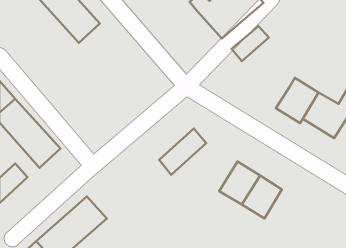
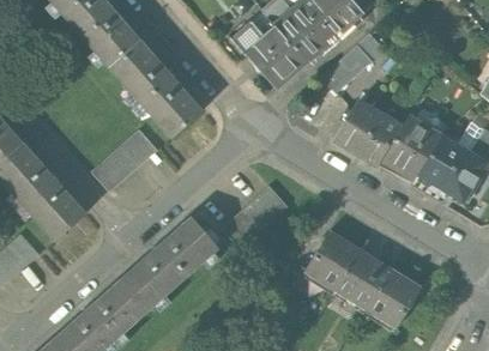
building: none -> [231,20,309,87]
building: none -> [113,41,204,137]
building: none -> [337,101,403,164]
building: none -> [93,129,159,192]
building: none -> [123,216,221,308]
building: none -> [368,268,423,327]

